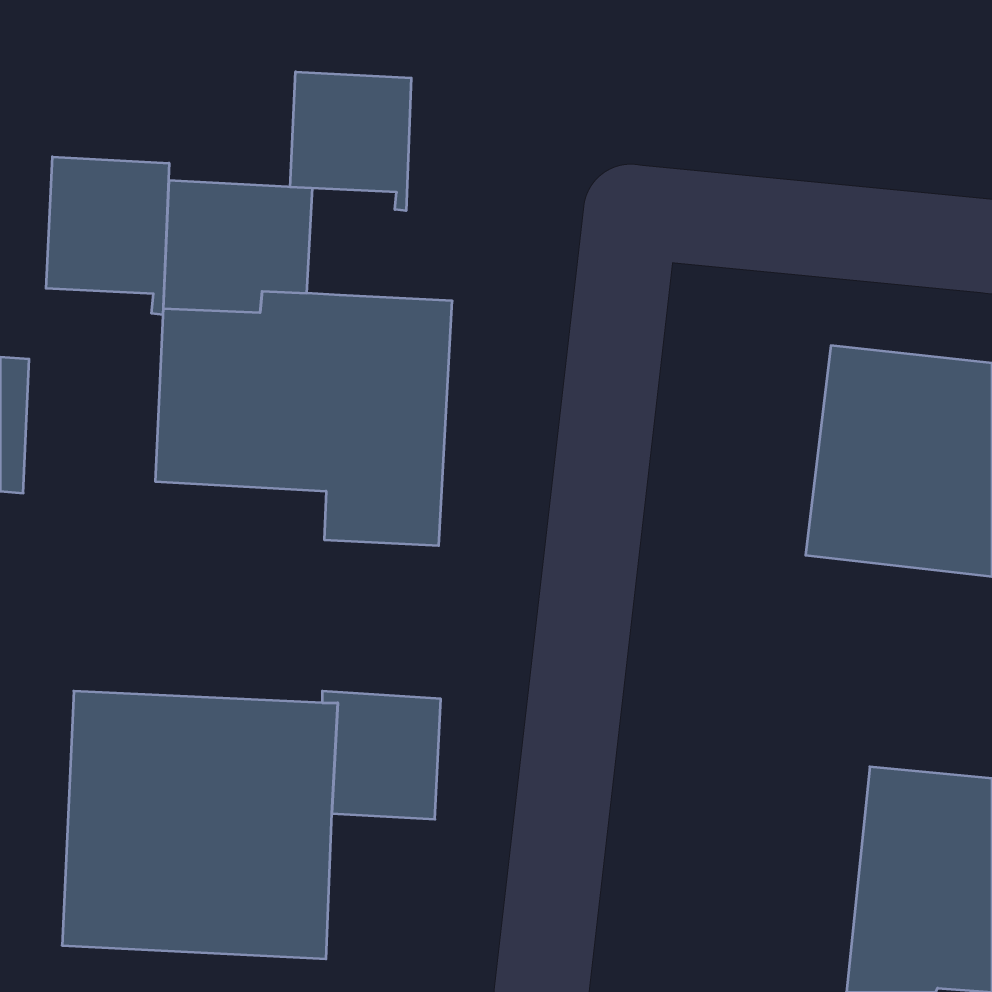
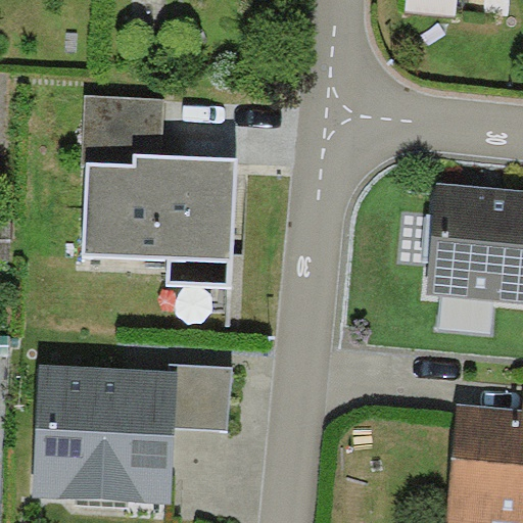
building: [290,72,411,211] -> none
building: [46,157,169,315] -> none

